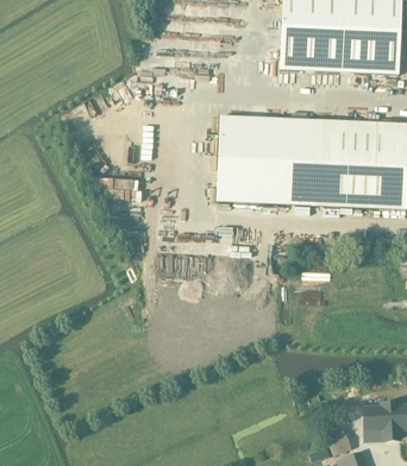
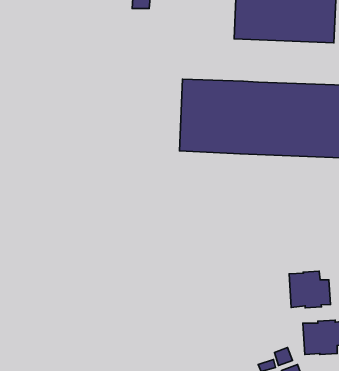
building: none -> [289,271,331,308]

